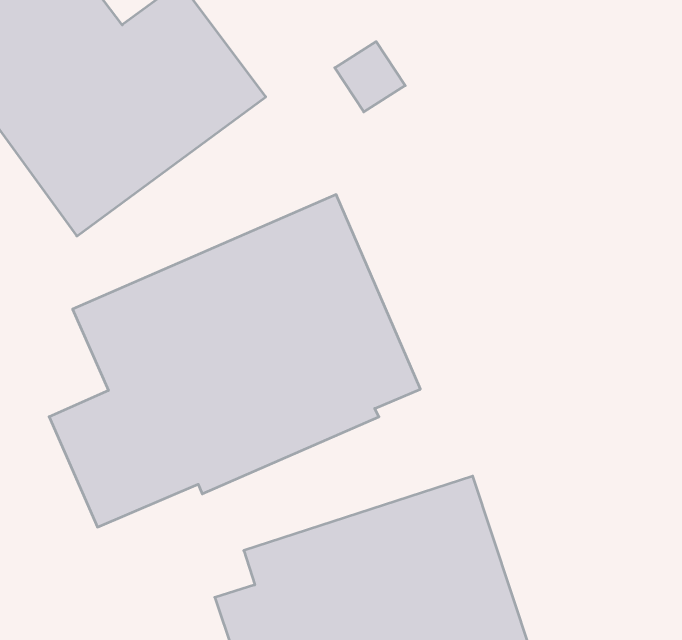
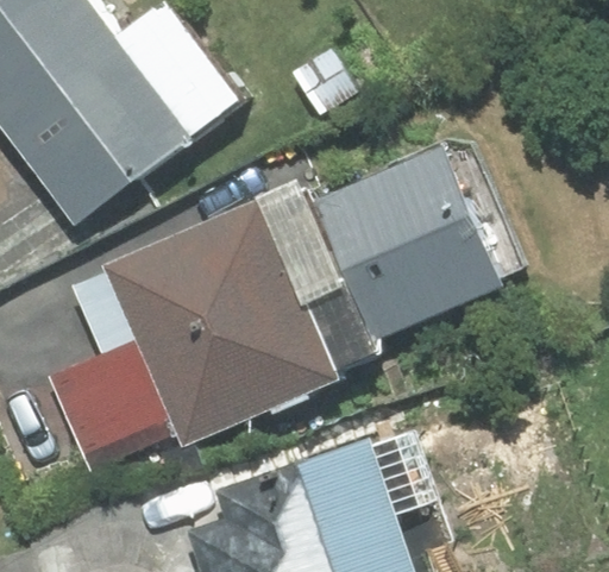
building: none -> [320,153,497,333]

